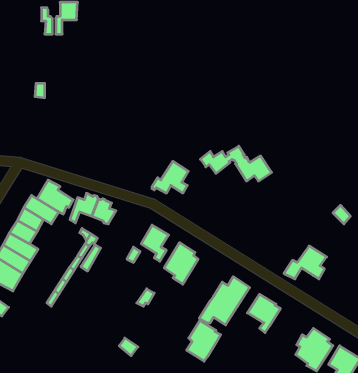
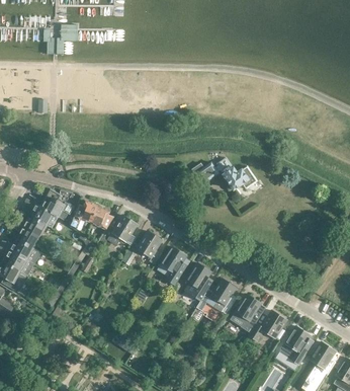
building: [152,161,188,193] -> [102,215,136,244]
building: [284,246,327,279] -> [247,310,286,340]
building: [187,321,221,361] -> [183,262,214,300]

